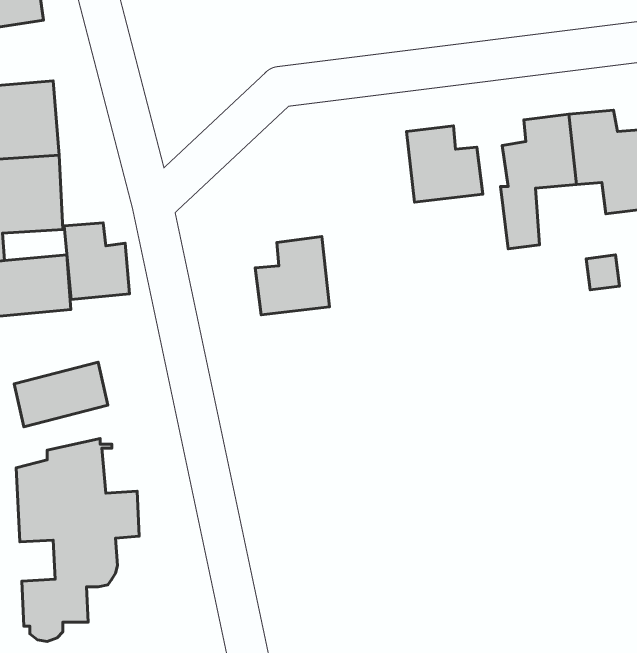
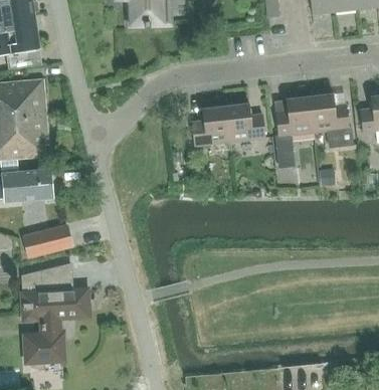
building: [64,223,129,299] -> none
building: [255,237,330,315] -> [191,106,229,146]

